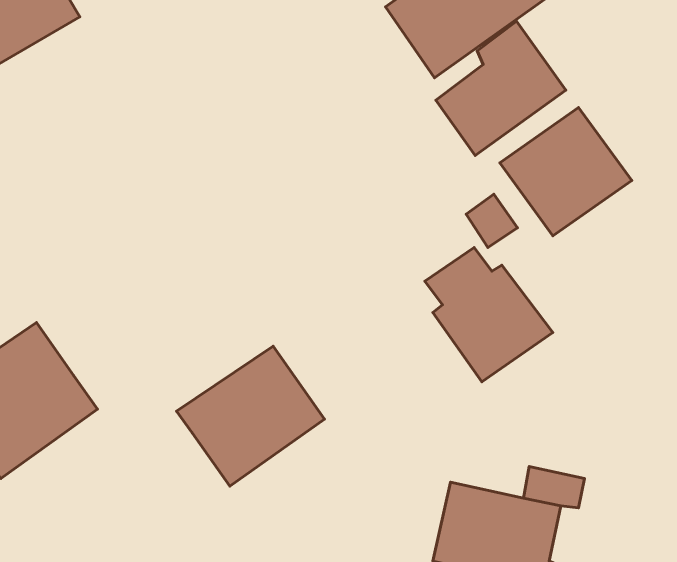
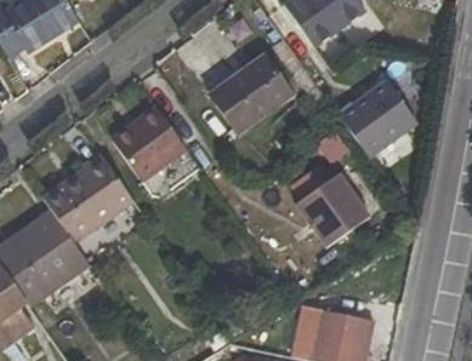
building: [436,21,566,155] -> [215,52,295,134]
building: none -> [112,107,184,179]
building: [177,346,324,486] -> [42,156,133,242]

